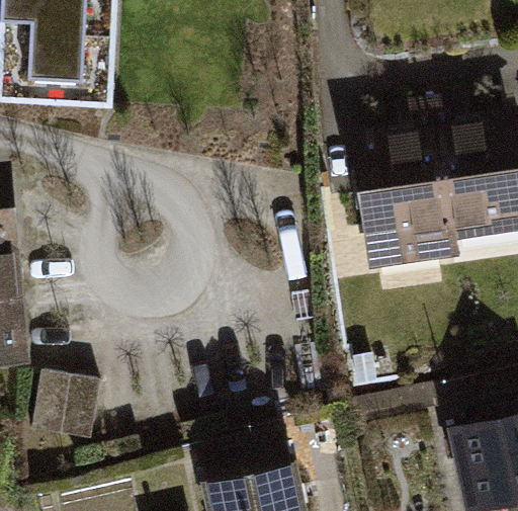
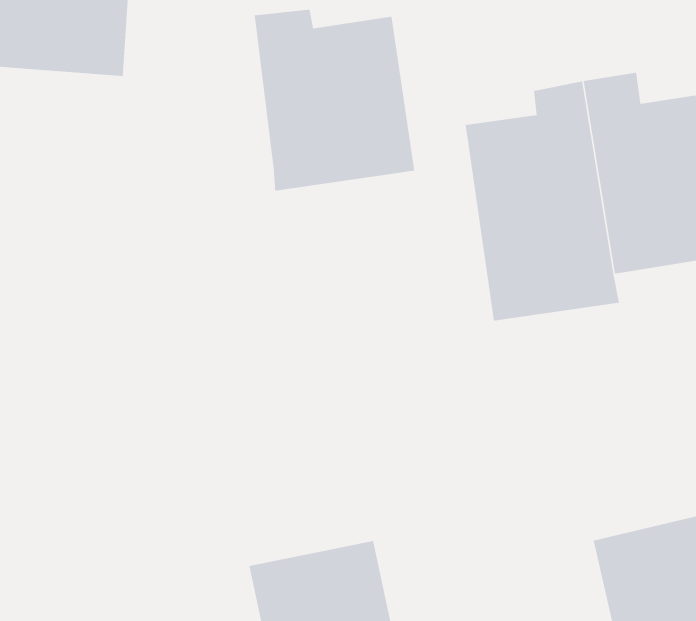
building: none -> [254,9,415,192]
building: [33,372,102,441] -> none

